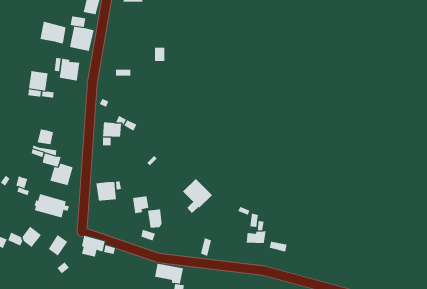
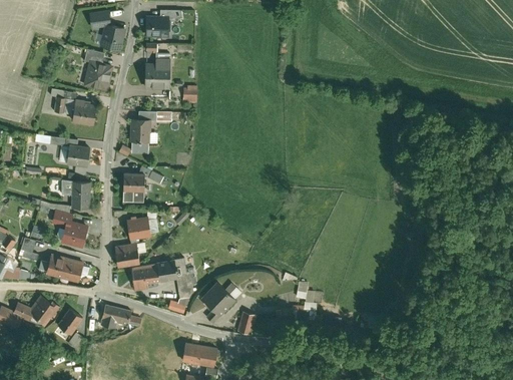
building: none -> [145,52,170,87]
building: [40,21,66,44] -> none
building: [28,71,48,91] -> [67,143,91,167]
building: none -> [131,119,147,142]
building: none -> [72,181,89,210]
building: none -> [128,217,151,240]
building: [182,178,213,214] -> [201,280,237,322]
building: none -> [131,263,161,291]

